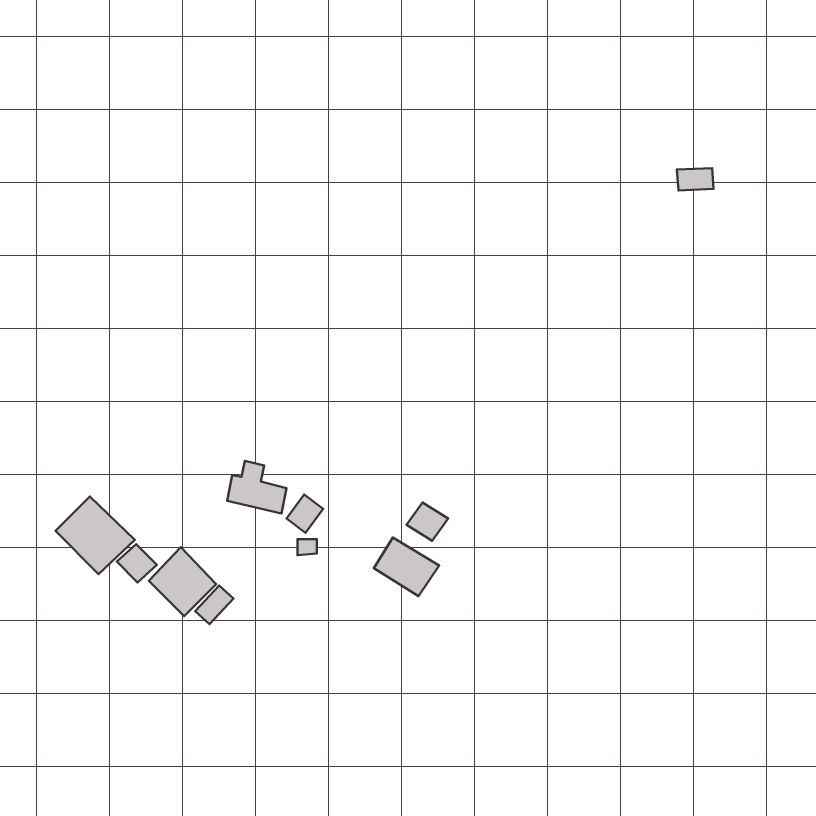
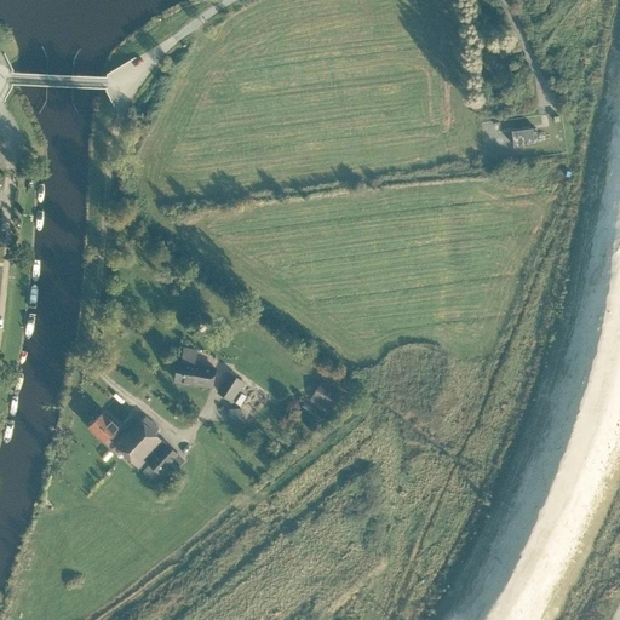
building: [55,497,135,574] -> none
building: [374,537,439,596] -> none

